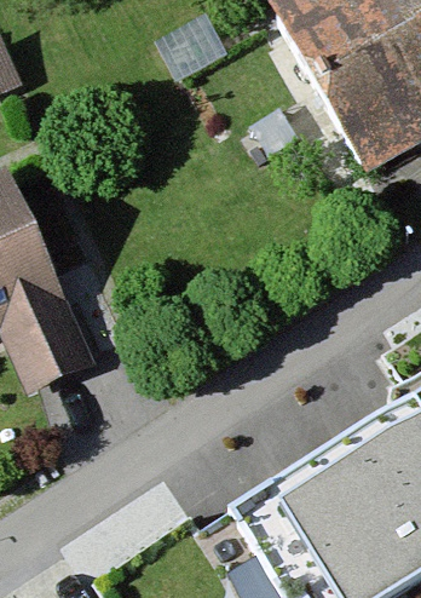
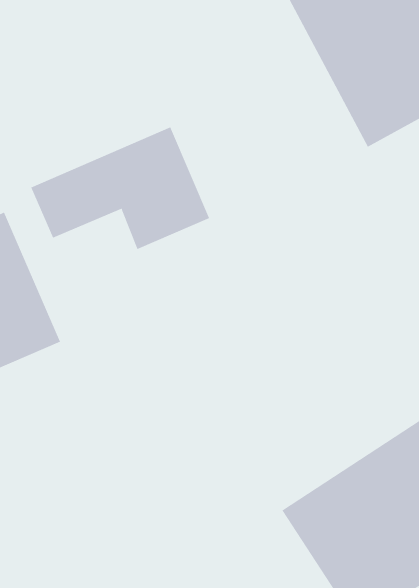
building: none -> [30,126,210,250]

